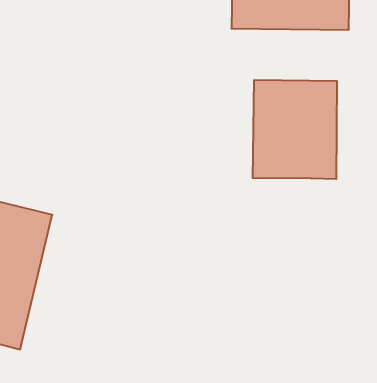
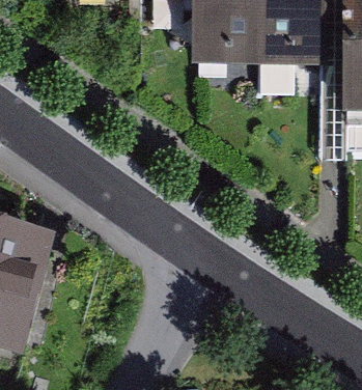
building: [253,80,337,179] -> none

